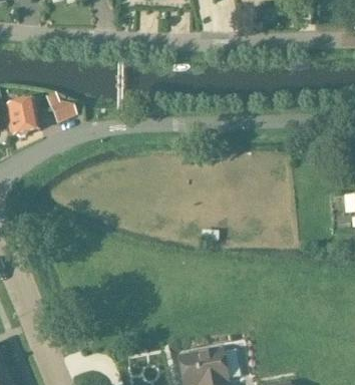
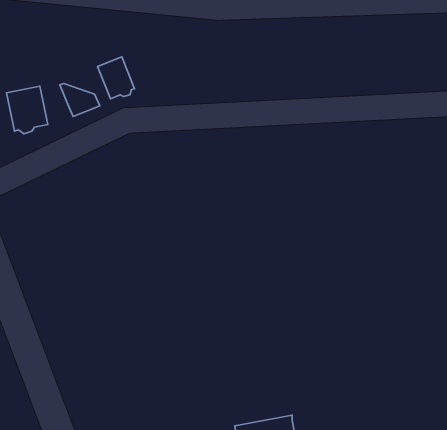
building: none -> [98,57,135,99]

